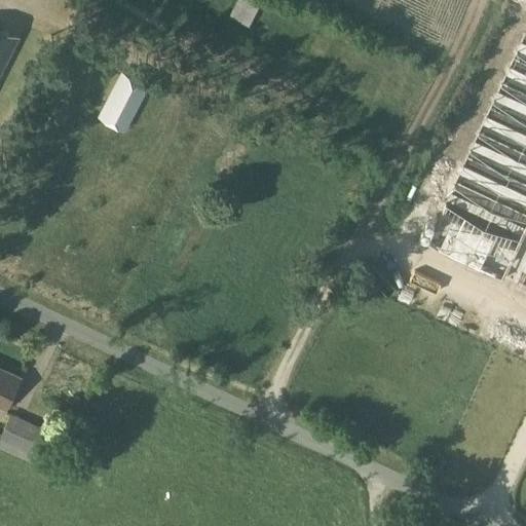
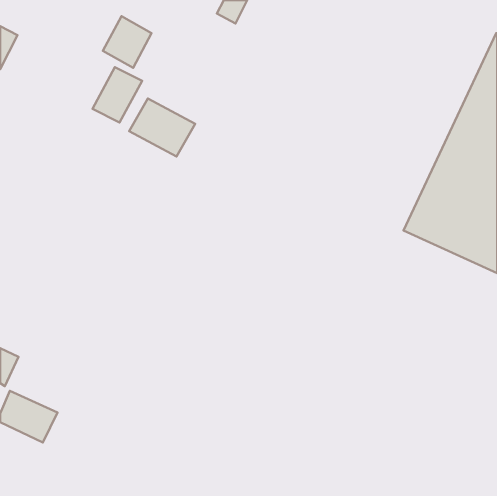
building: none -> [103,16,152,68]
building: none -> [129,98,195,156]

